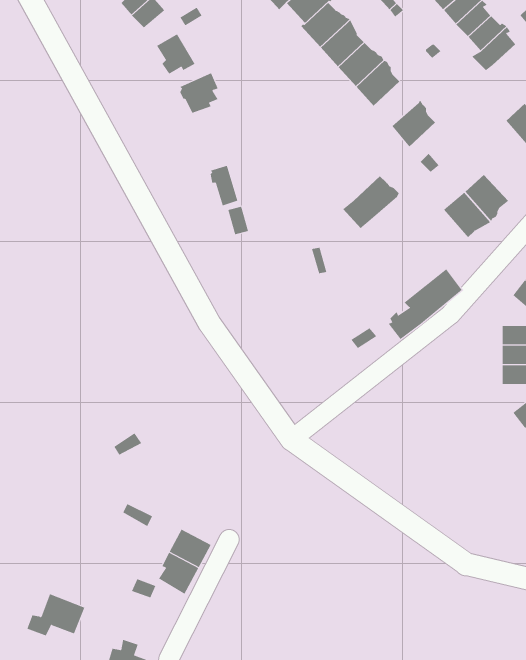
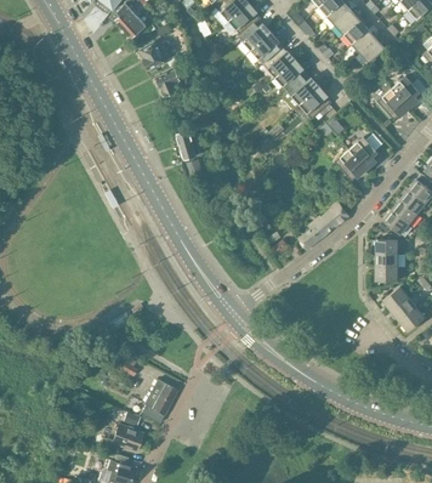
building: [343,175,400,229] -> [282,75,320,112]
building: [27,593,85,636] -> [104,425,144,454]

